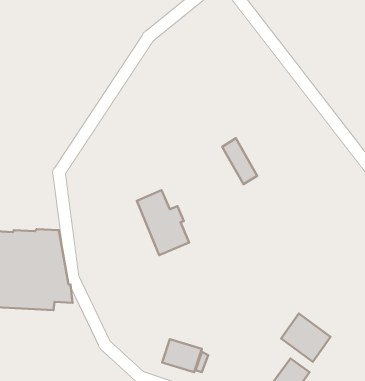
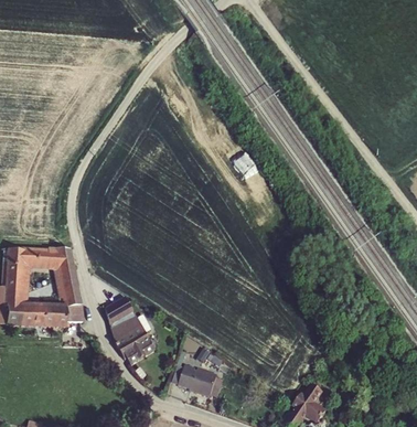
building: [137,190,189,255] -> [101,296,156,363]
building: [281,314,331,362] -> none

